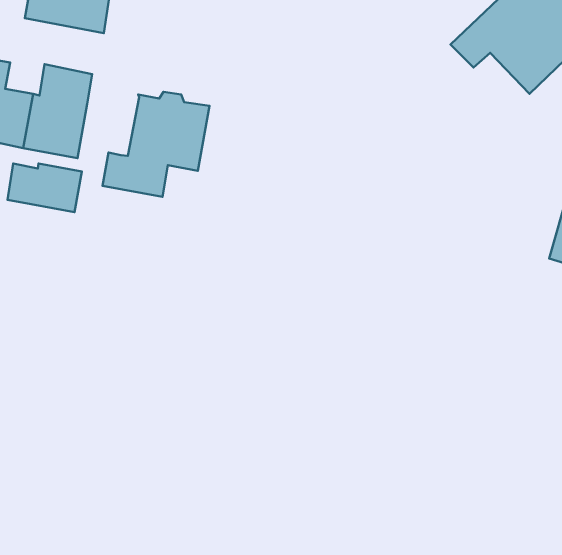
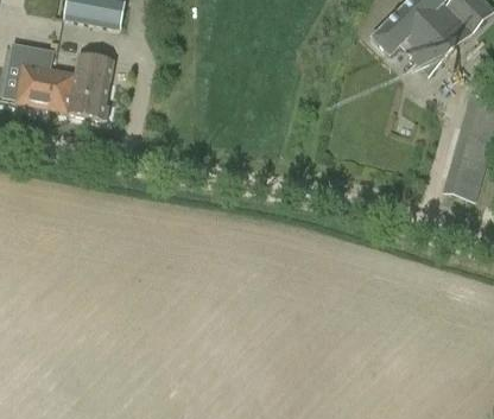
building: [102,92,209,197] -> none
building: [8,163,82,212] -> none

